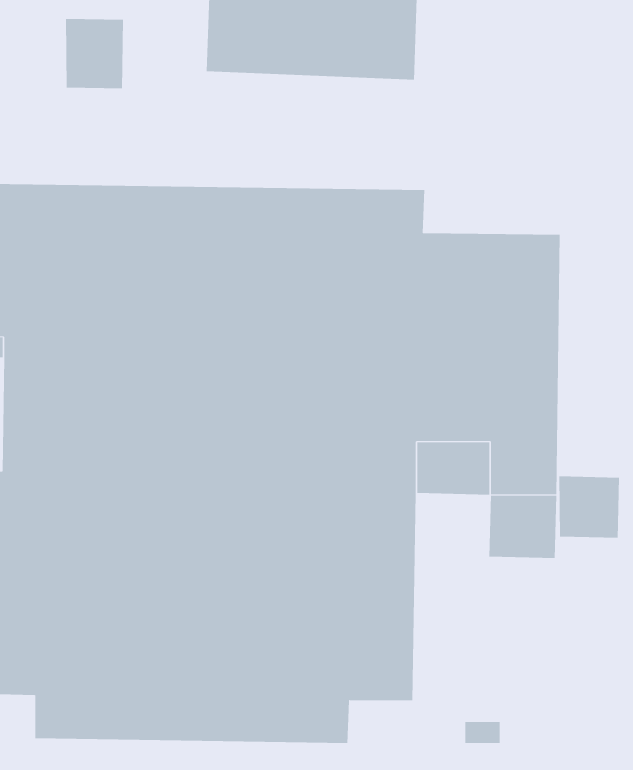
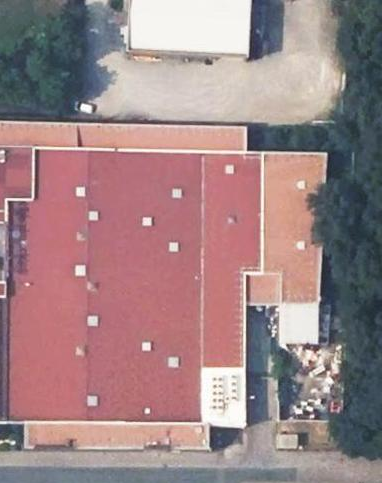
building: [65,18,124,89] -> none
building: [559,476,620,539] -> none

